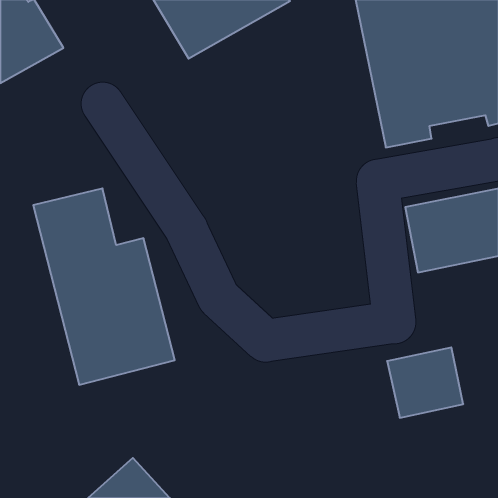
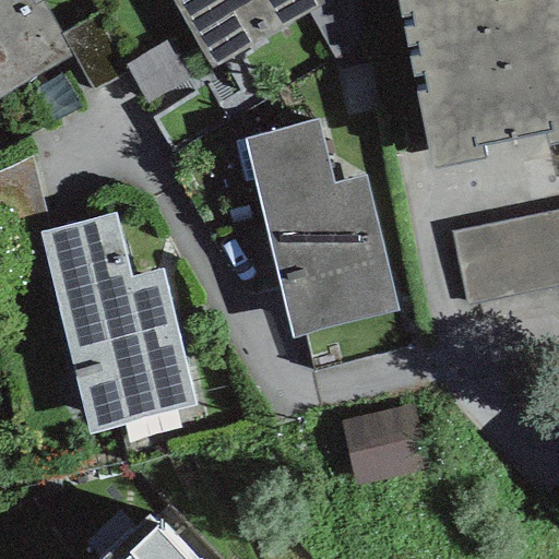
building: none -> [243,118,397,336]
building: [387,347,463,418] -> [348,403,433,481]

